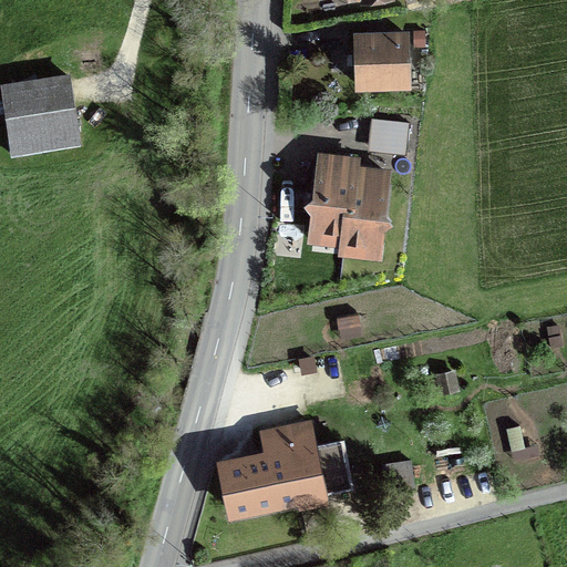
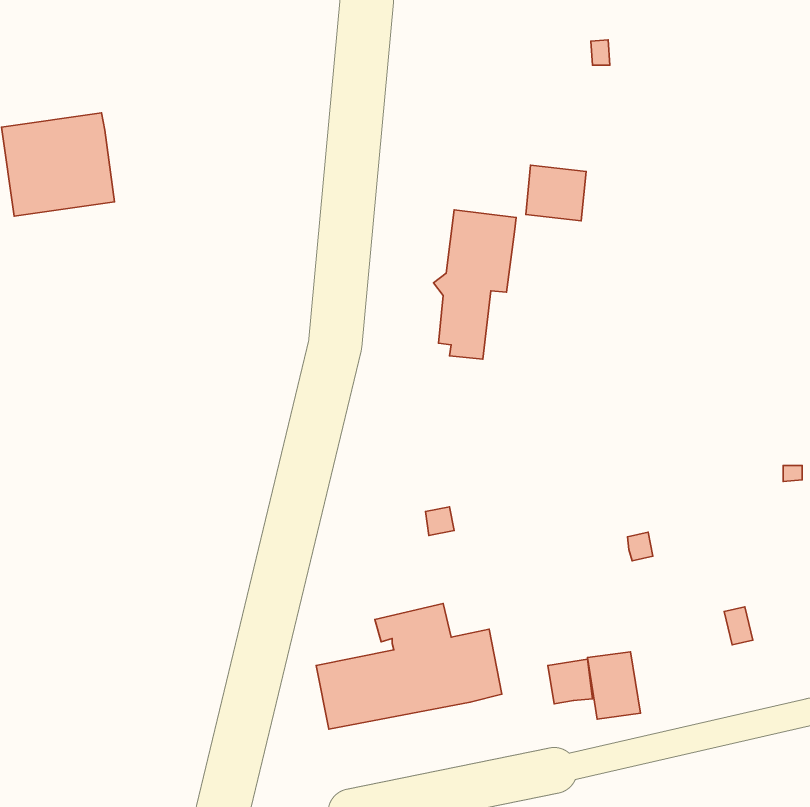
building: [351,28,411,93] -> none
building: [337,165,392,259] -> none
building: none -> [587,652,640,719]

